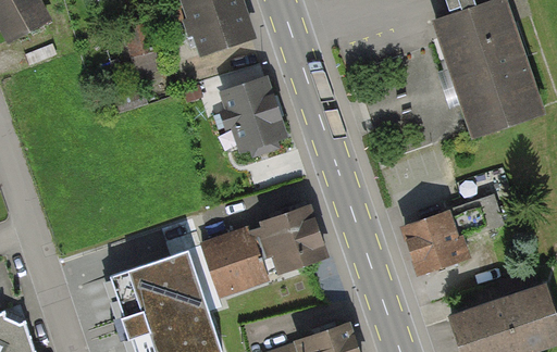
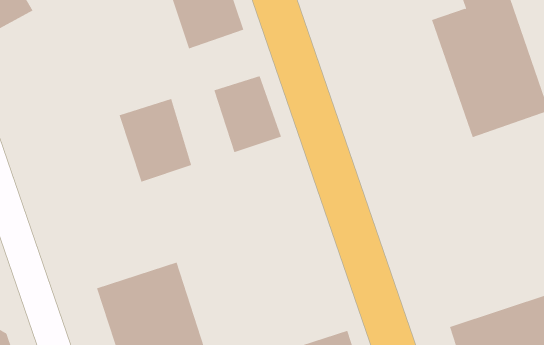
building: none -> [119,98,192,183]
building: [401,197,502,273] -> none
building: [201,204,329,298] -> none

